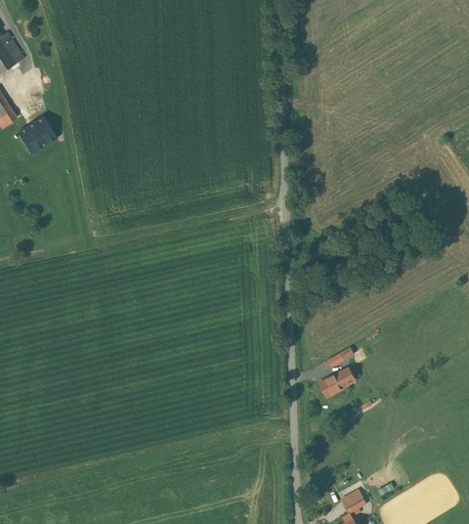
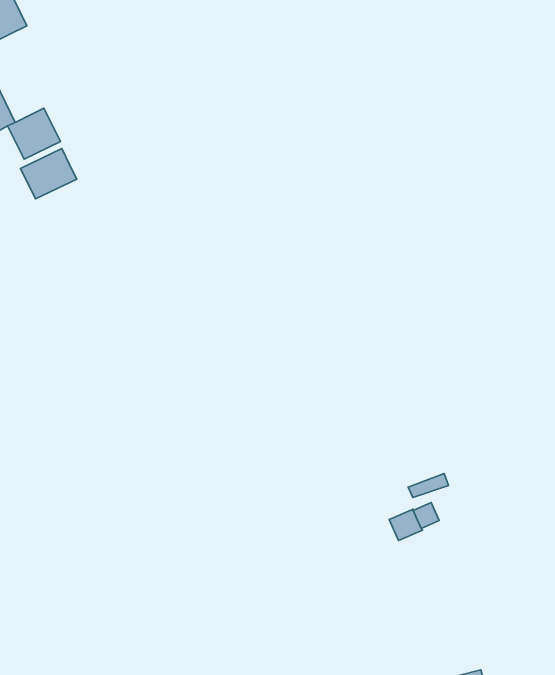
building: none -> [21,149,77,199]

